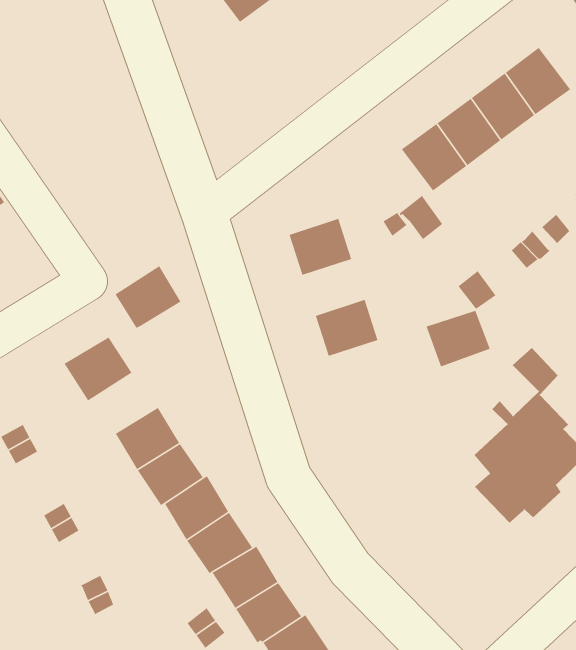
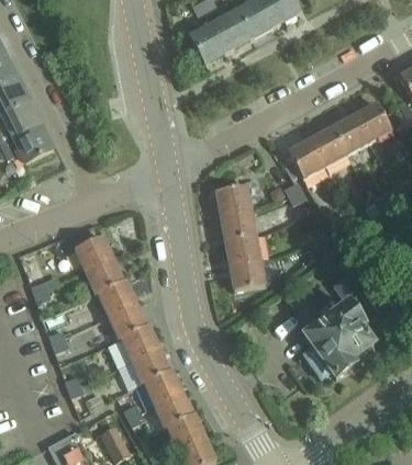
building: none -> [220,211,255,240]
building: [115,265,181,329] -> [85,259,123,294]
building: [425,310,491,367] -> [229,260,265,291]

